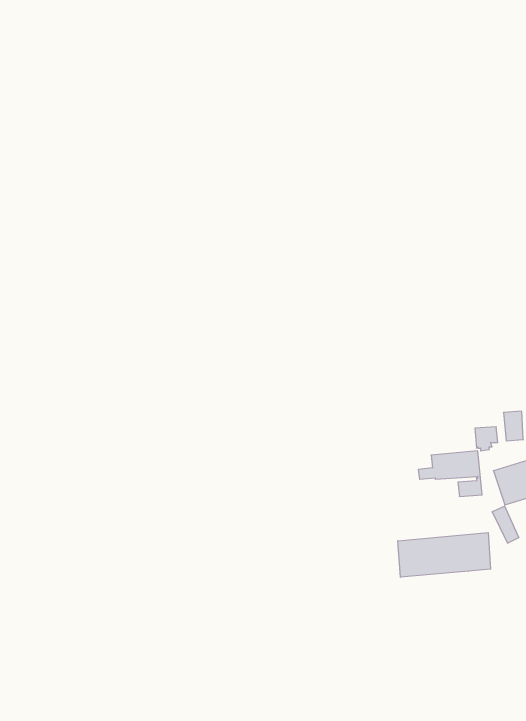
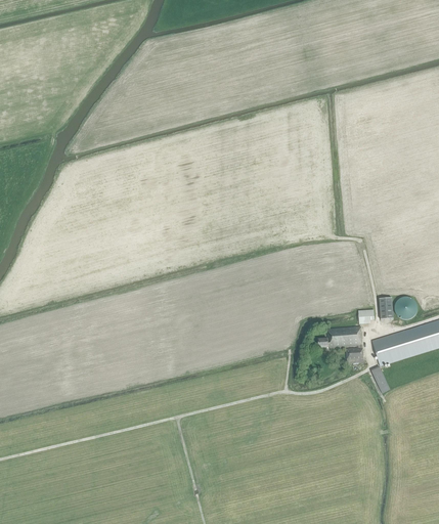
building: [398,533,491,577] -> none

